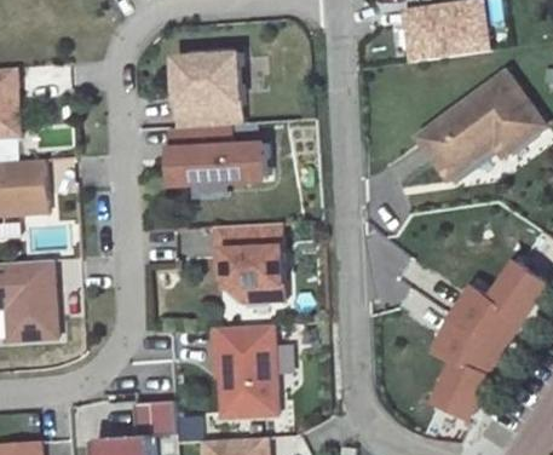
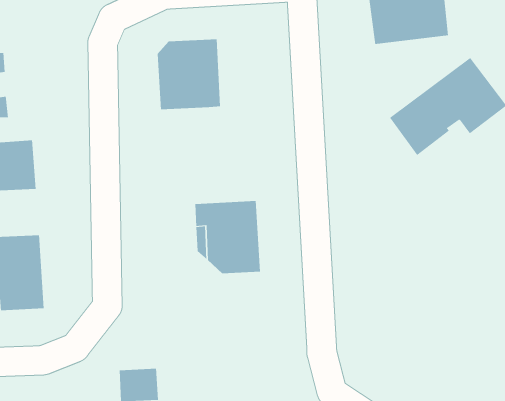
building: [171,127,269,183] -> none
building: [428,264,537,416] -> none
building: [214,326,278,419] -> none

